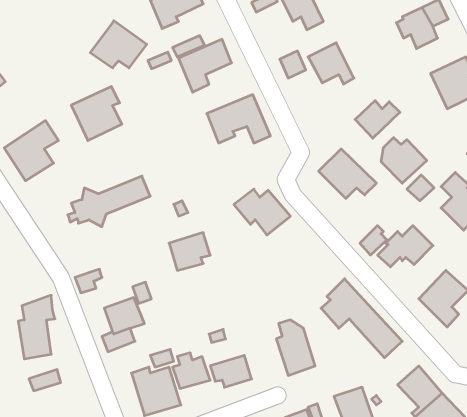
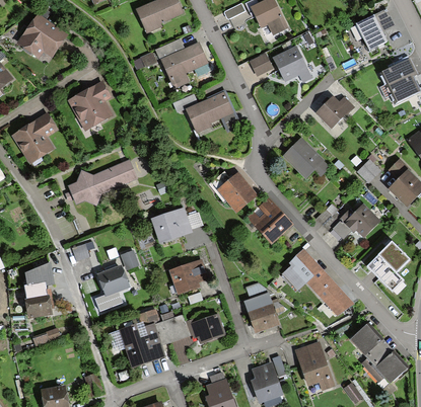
building: [90,21,147,68] -> [18,15,67,56]
building: [381,138,427,183] -> none
building: none -> [249,198,292,243]
building: none -> [170,260,207,293]

